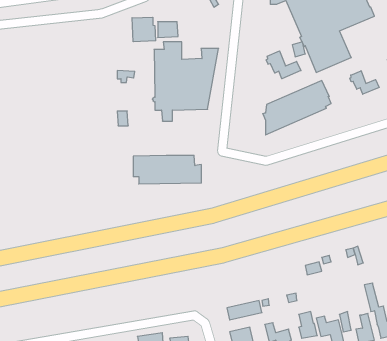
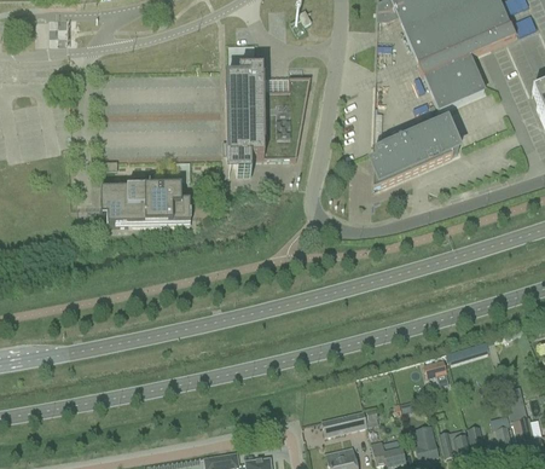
building: [132,17,156,42] -> none
building: [266,51,301,79] -> none
building: [350,71,379,94] -> none
building: [133,155,201,184] -> [100,185,190,222]

